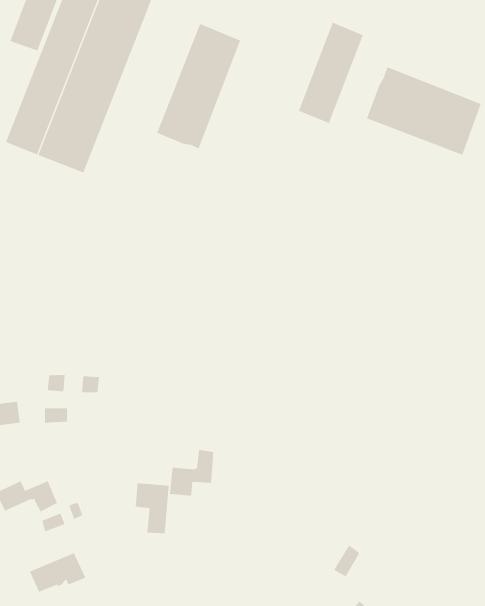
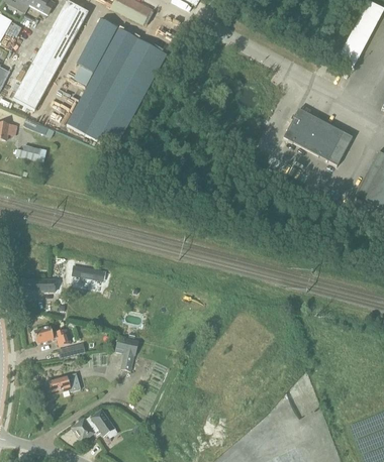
building: [298,22,363,124] -> none
building: [156,23,241,149] -> none
building: [170,449,214,496] -> none

